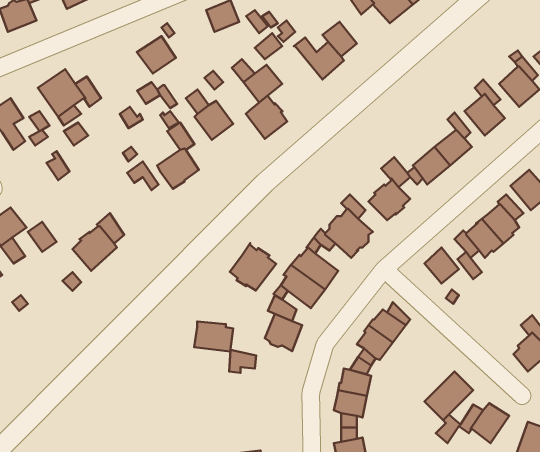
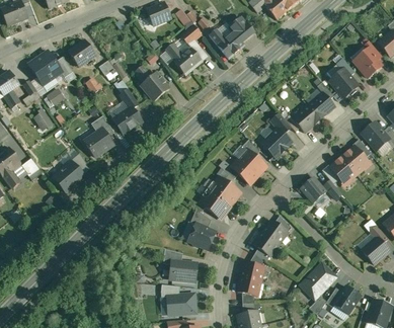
building: [137,36,176,74] -> [68,39,95,66]
building: [246,96,287,139] -> none
building: none -> [84,129,111,156]
building: [230,243,276,291] -> none
building: [194,321,233,352] -> [169,260,196,281]
building: none -> [172,294,195,314]

